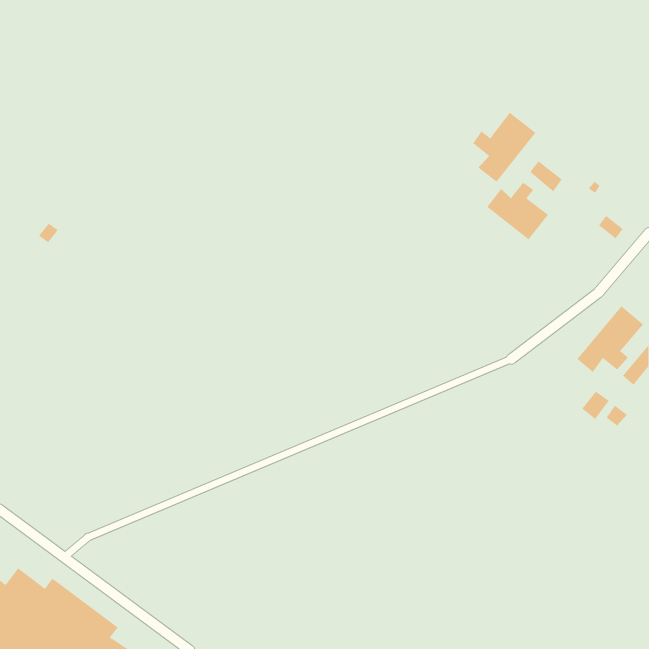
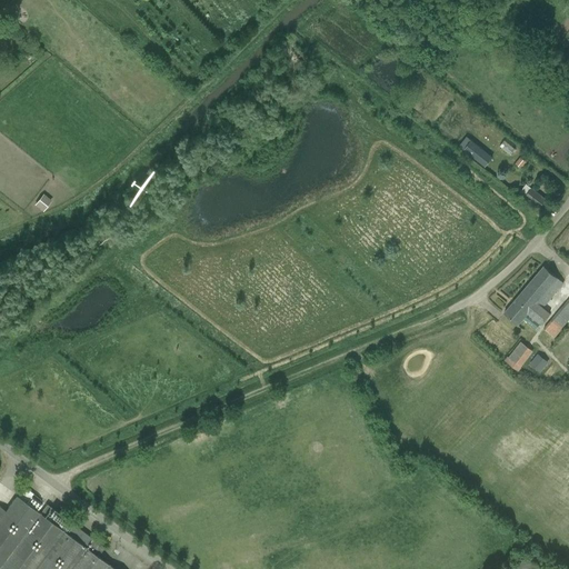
building: [472,112,536,183] -> none
building: [486,182,549,240] -> none

